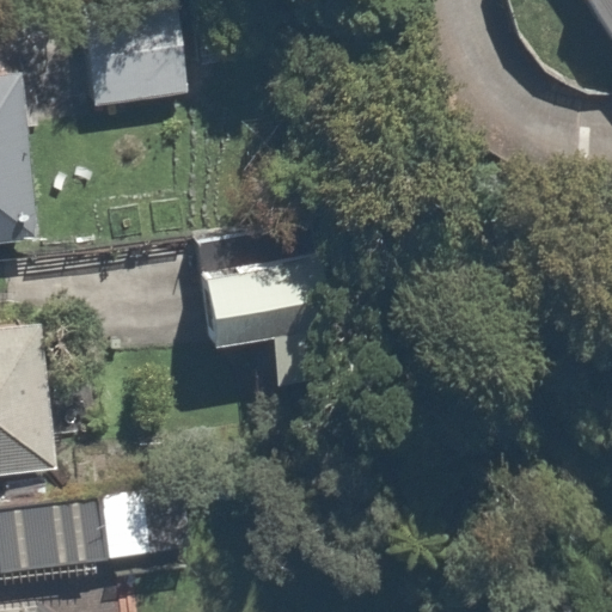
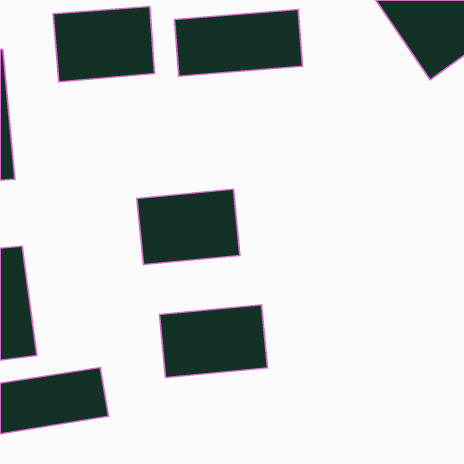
building: none -> [174,10,303,76]
building: none -> [160,305,267,378]

